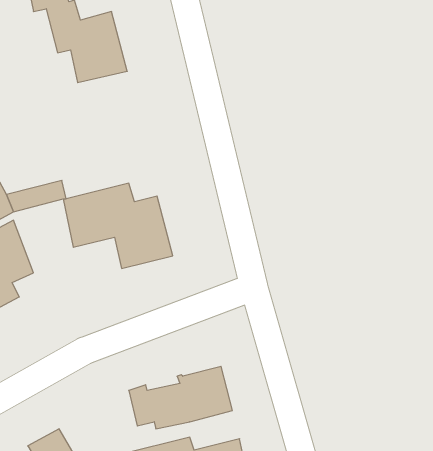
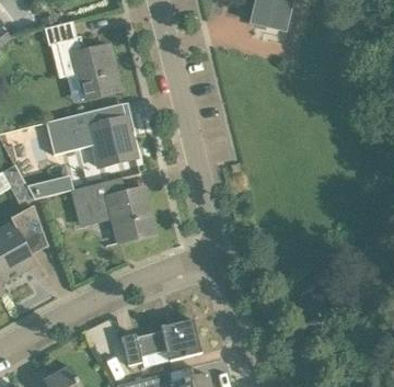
building: none -> [43,110,135,167]

